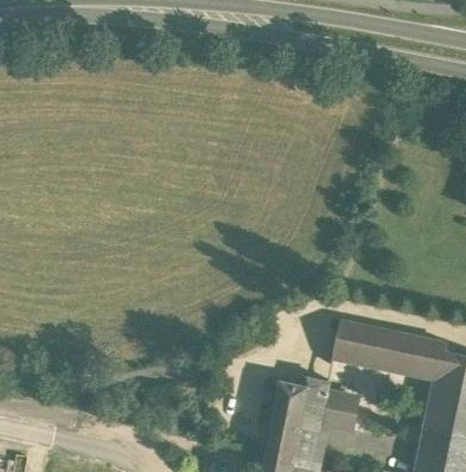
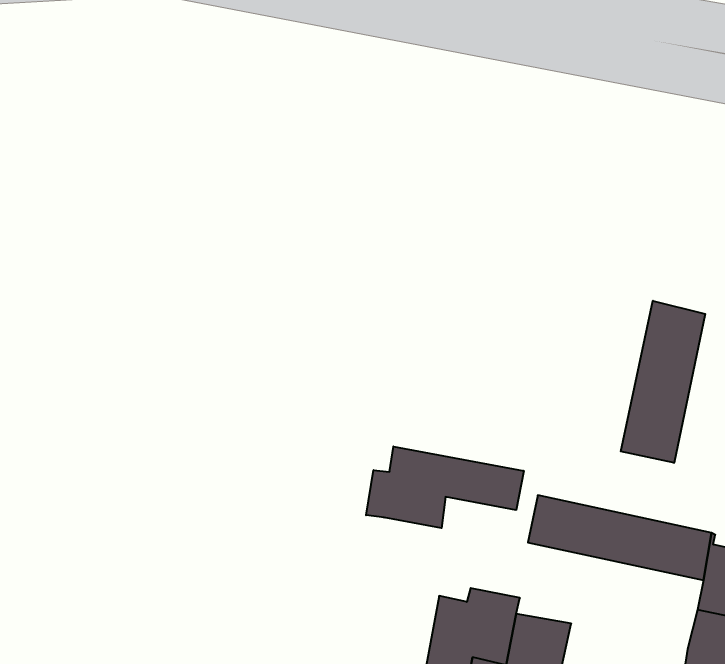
building: none -> [621,301,705,463]
building: none -> [366,446,524,528]

